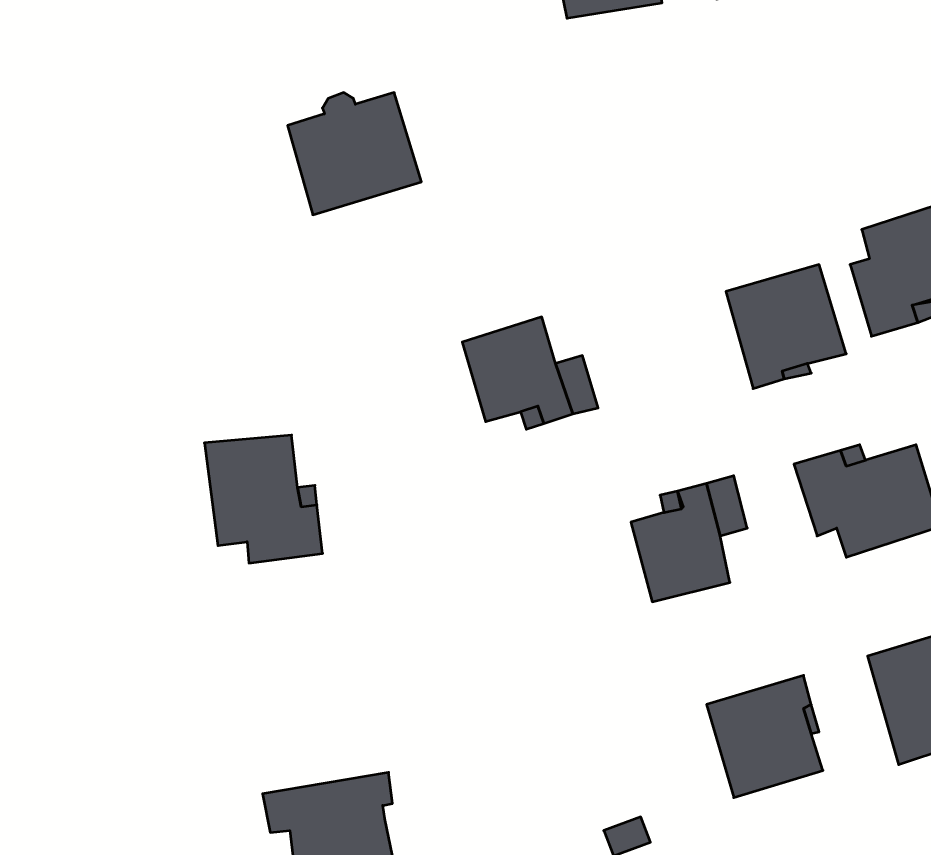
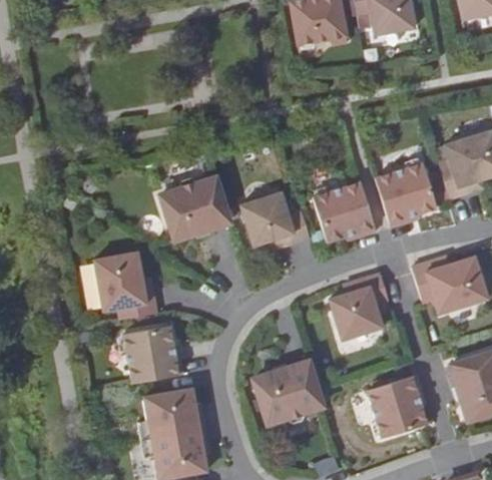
building: [288,93,421,215] -> [162,176,231,239]
building: none -> [316,183,378,244]
building: none -> [123,326,182,382]
building: none -> [253,362,322,424]
building: none -> [135,388,203,439]

